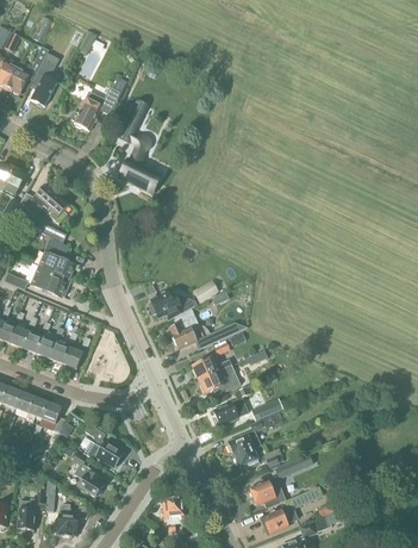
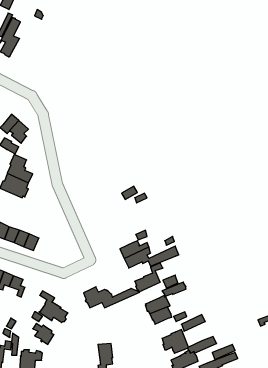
building: [70,87,120,130] -> none
building: [119,106,162,193] -> none
building: [150,291,195,320] -> none
building: [170,319,247,348] -> [84,287,140,308]

